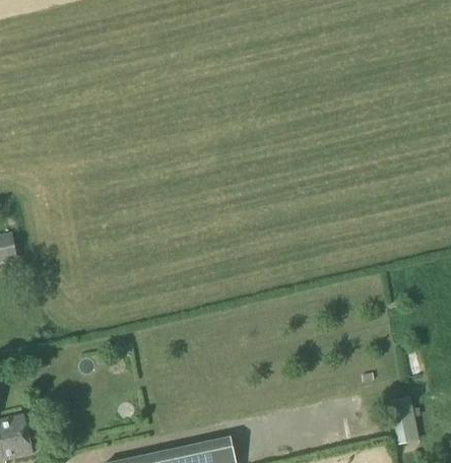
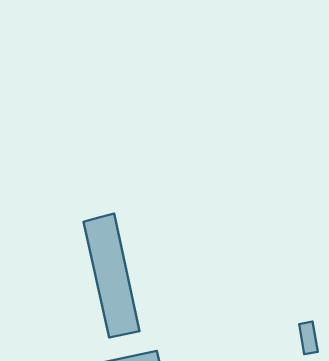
building: none -> [84,214,140,338]

